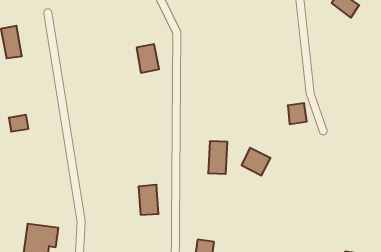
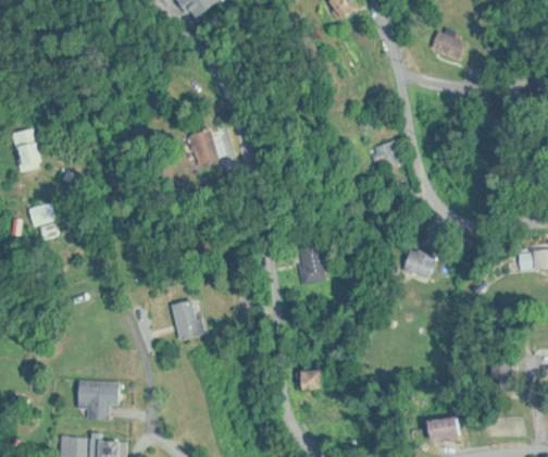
building: [288,103,307,124] -> [374,141,401,171]
building: [9,115,28,132] -> [28,203,55,227]
building: [242,148,271,176] -> [403,248,439,282]
building: [138,185,159,215] -> [171,299,201,341]

